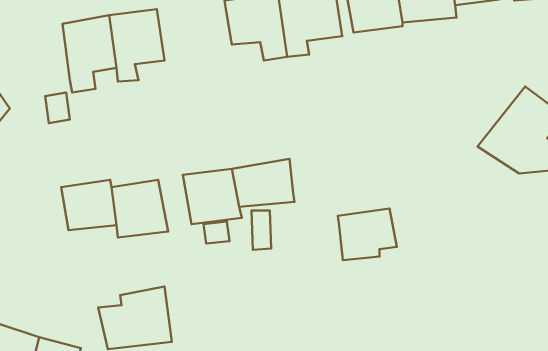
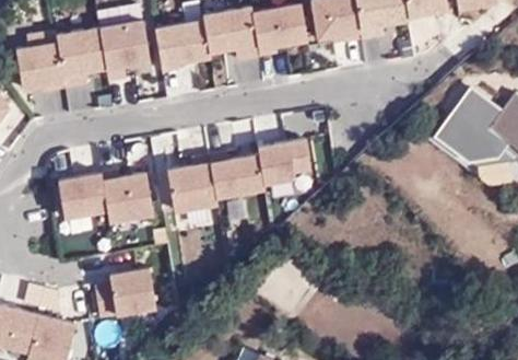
building: none -> [155,20,212,76]
building: none -> [11,33,66,91]
building: [338,209,397,260] -> [260,138,313,184]

